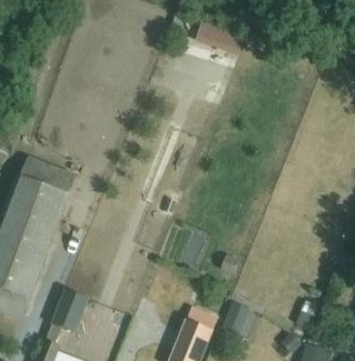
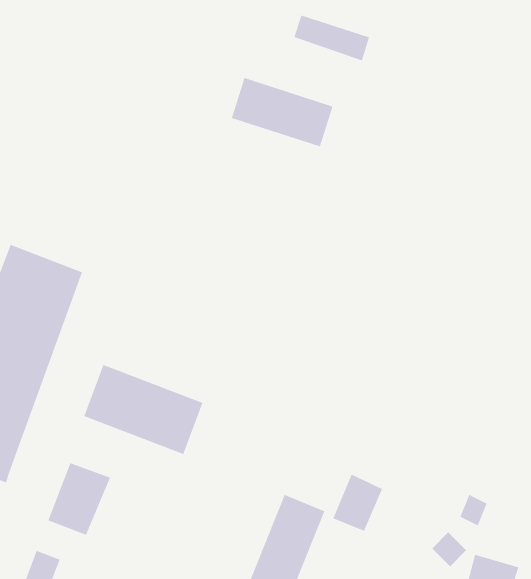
building: none -> [231,77,333,147]
building: none -> [84,364,203,455]

